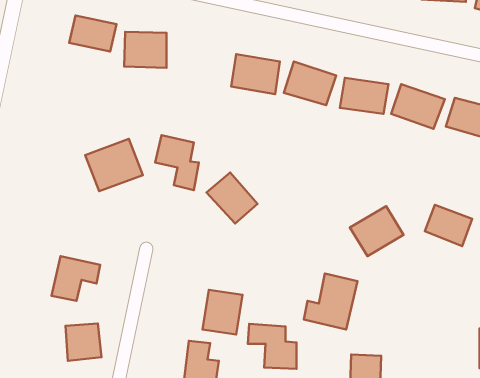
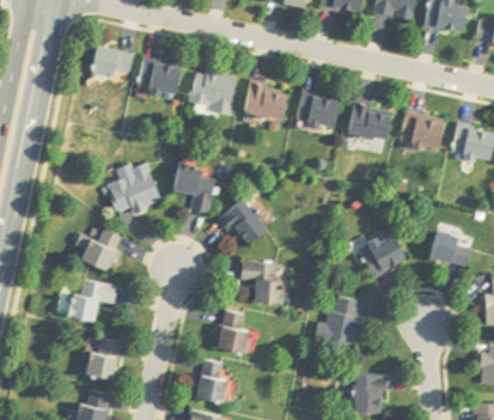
building: none -> [189,67,237,114]
building: none -> [80,233,117,269]
building: [248,324,297,369] -> [238,260,285,303]

